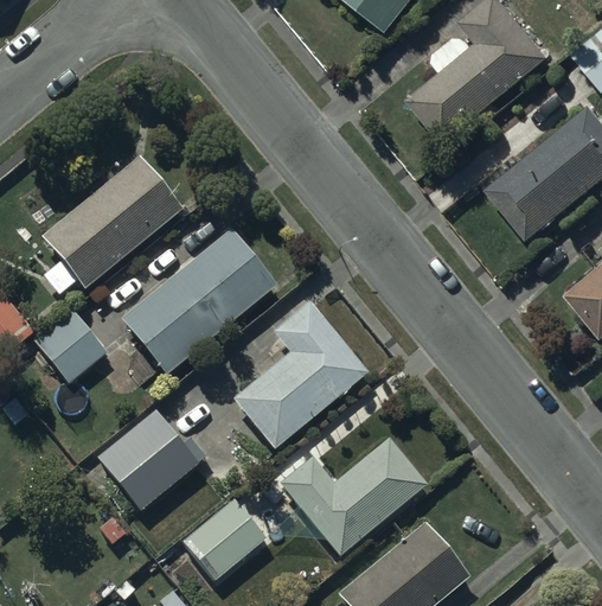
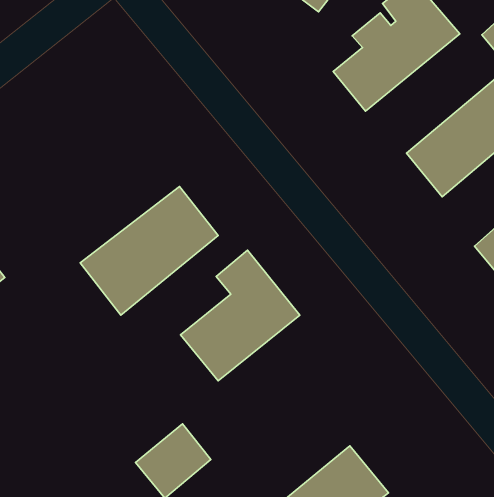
building: [40,155,182,291] -> none
building: [33,310,108,385] -> none
building: [97,412,209,512] -> none
building: [278,440,424,557] -> none

